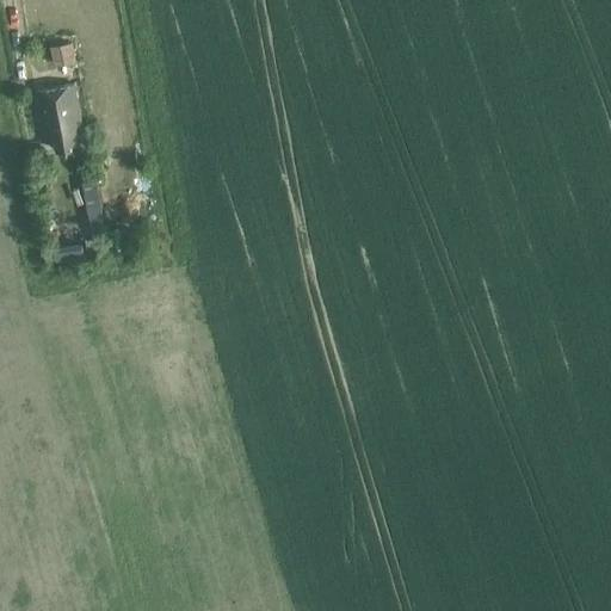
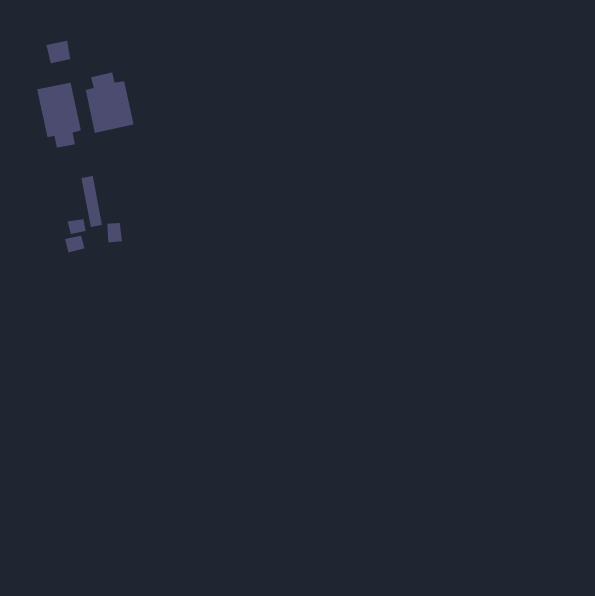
building: none -> [85,71,134,134]

